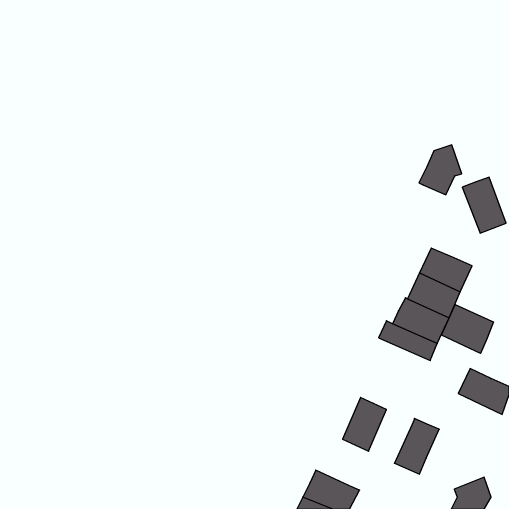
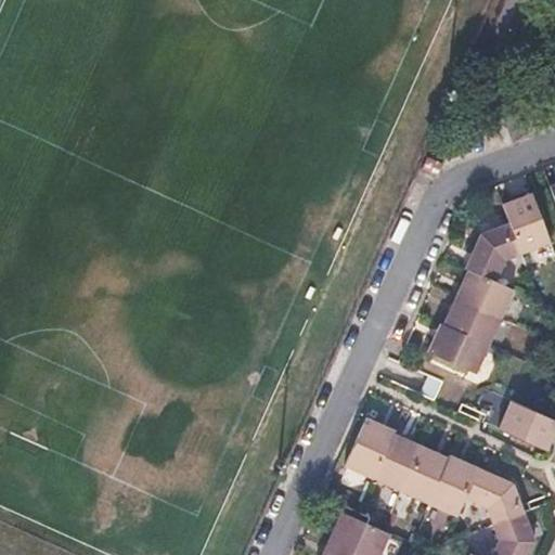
building: [419,145,462,195] -> [465,227,512,281]
building: [441,304,494,353] -> none
building: none -> [340,415,393,478]
building: none -> [401,446,450,504]
building: none -> [464,467,521,518]

